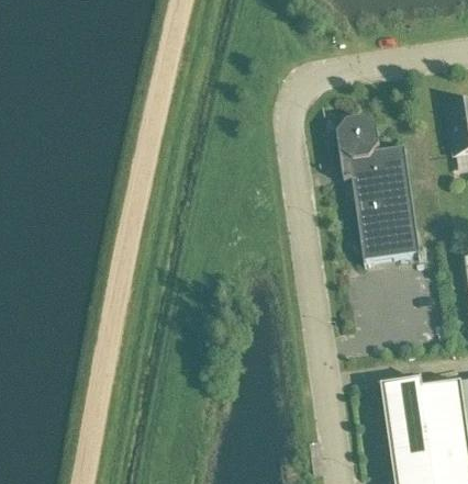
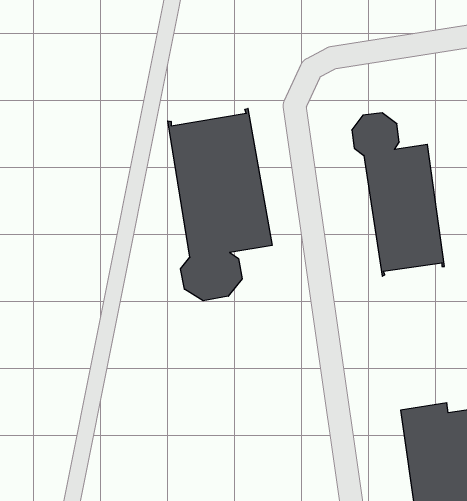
building: none -> [168,108,272,301]

